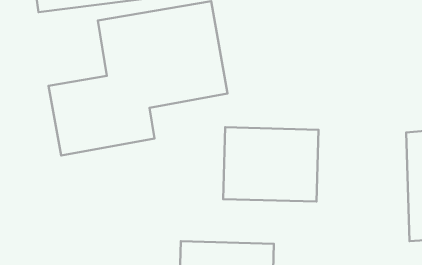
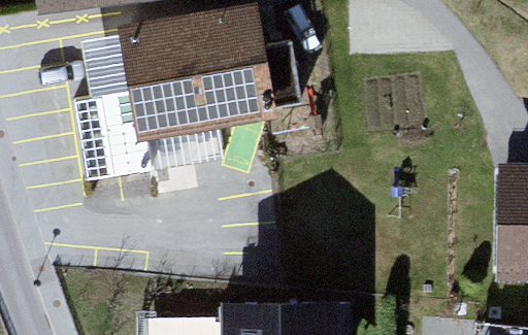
building: [223,127,318,202] -> none

